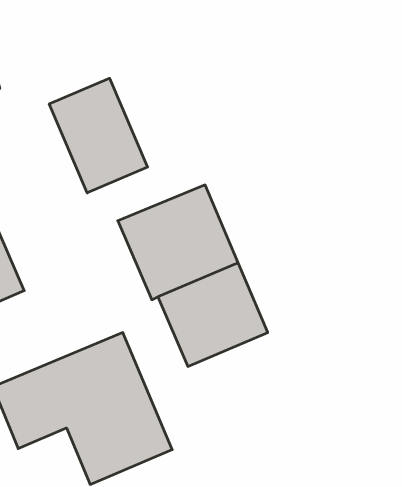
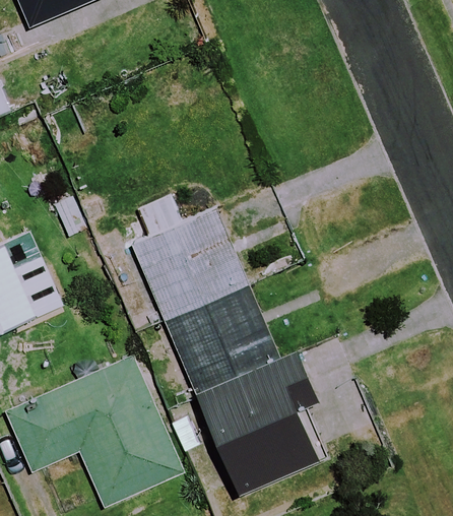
building: [49,78,148,193] -> none
building: none -> [198,351,324,492]

